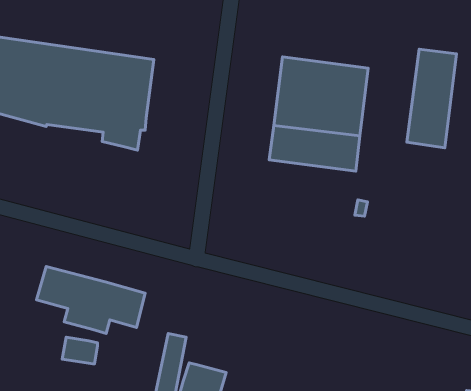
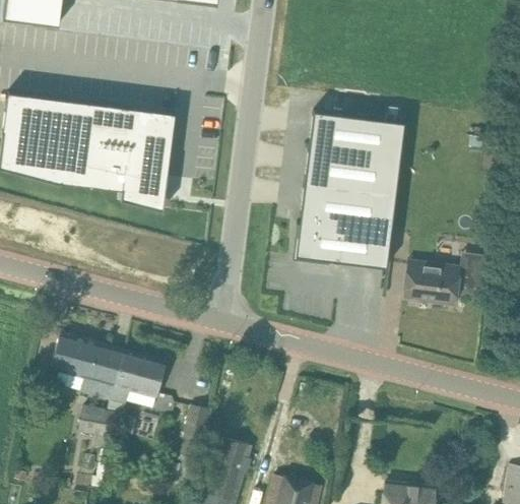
building: [407,49,457,148] -> none
building: none -> [292,219,391,268]
building: none -> [403,263,485,306]

